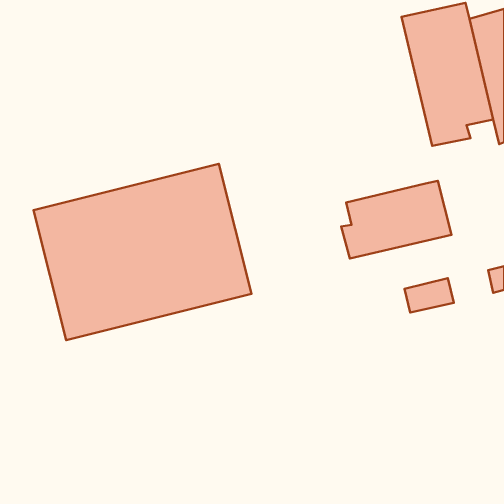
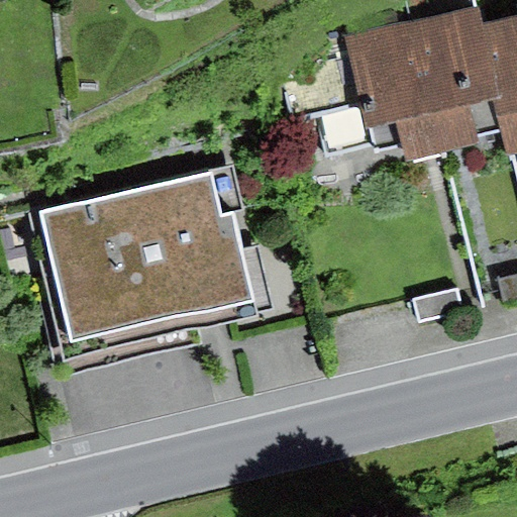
building: none -> [350,17,442,158]
building: [341,181,452,259] -> none

